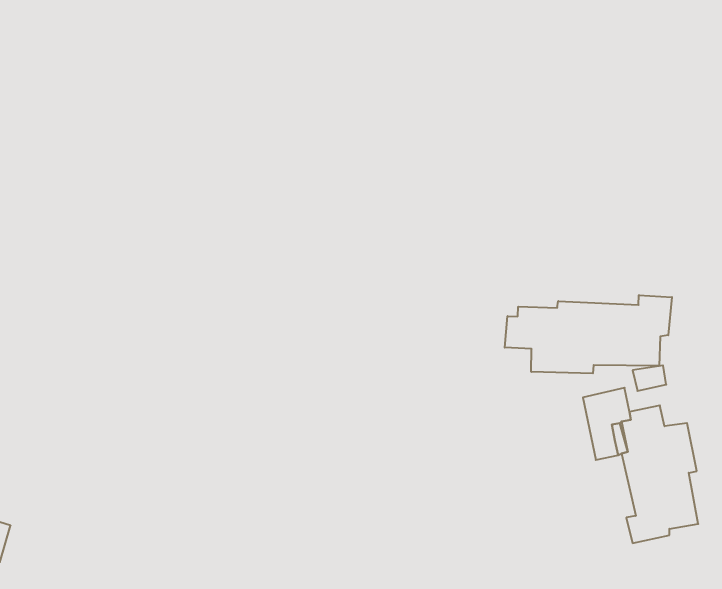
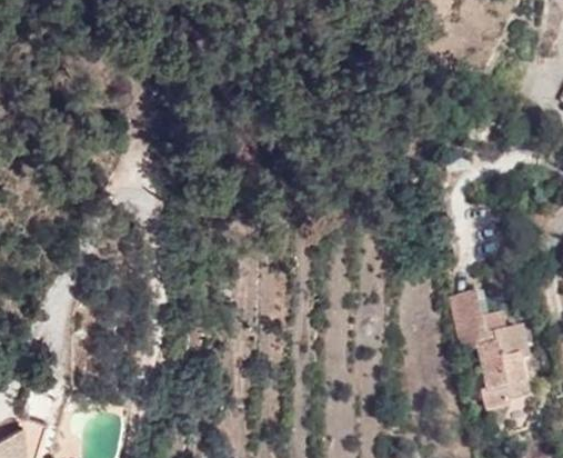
building: [505,295,672,373] -> none

